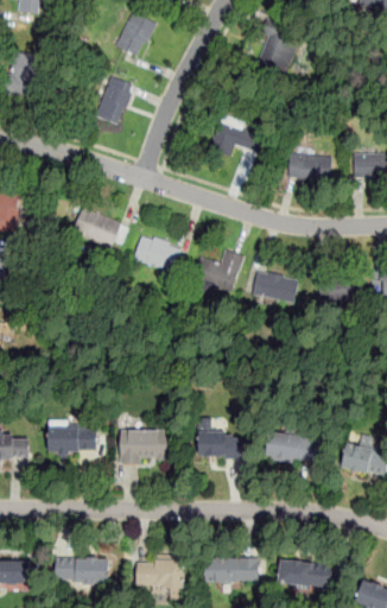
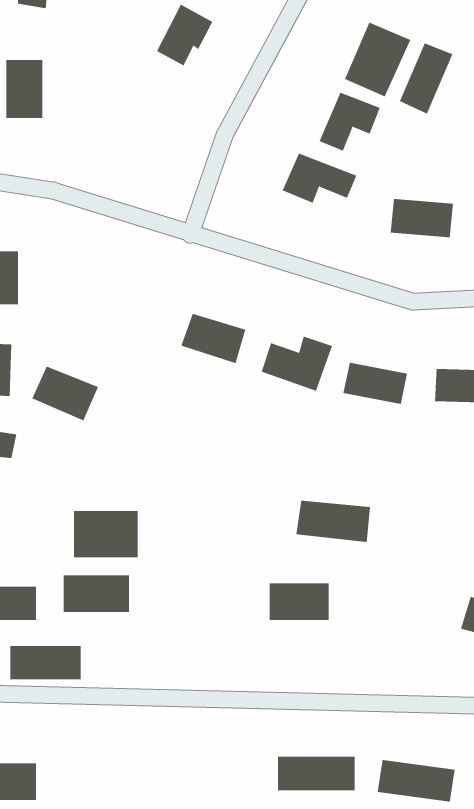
building: none -> [399,43,453,115]
building: none -> [319,92,380,151]
building: [96,75,133,122] -> none
building: [72,208,121,248] -> [32,366,99,421]
building: [120,428,167,462] -> [73,510,139,558]
building: [266,433,321,464] -> [296,500,371,543]
building: [56,558,108,583] -> [10,645,82,680]
building: [137,558,184,588] -> none

